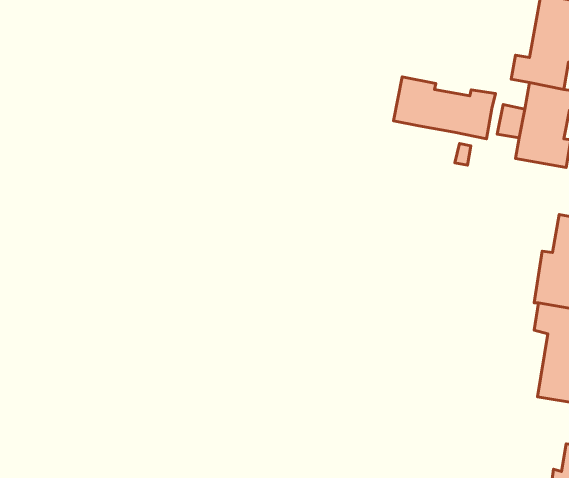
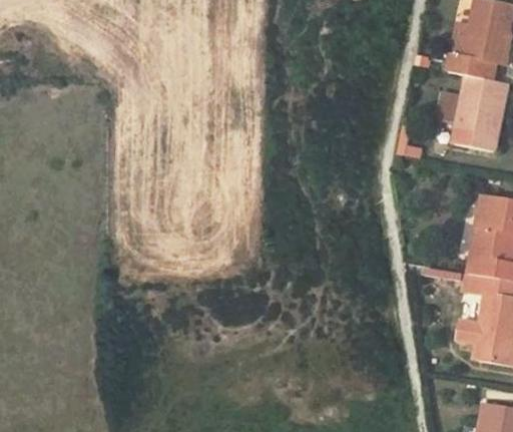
building: [393,77,496,139] -> none

